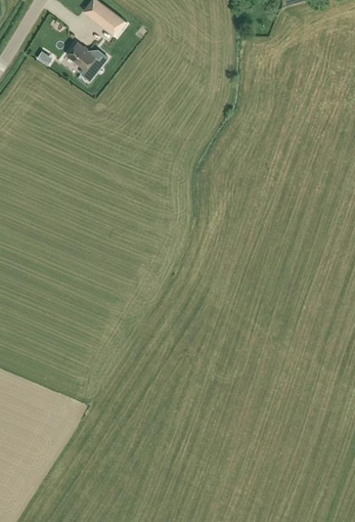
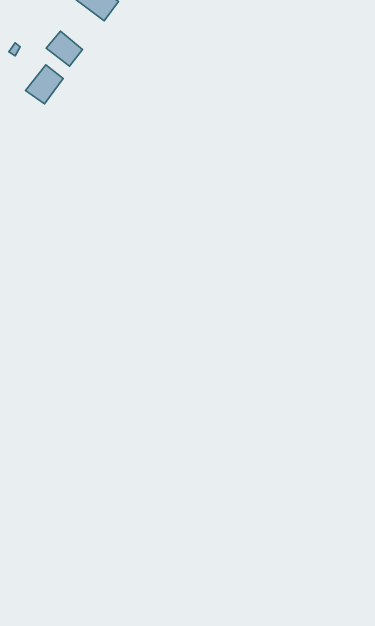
building: none -> [26,65,63,104]

